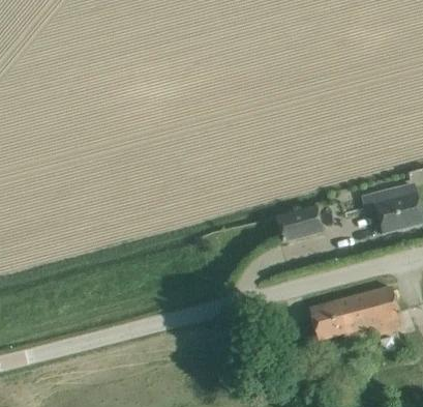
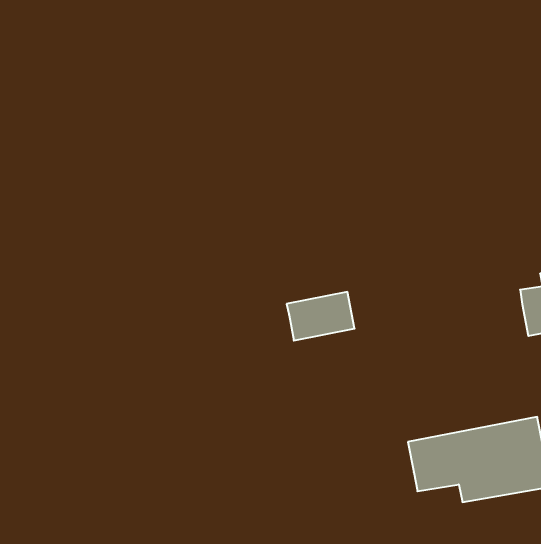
building: [275,206,321,240] -> [287,292,355,341]

